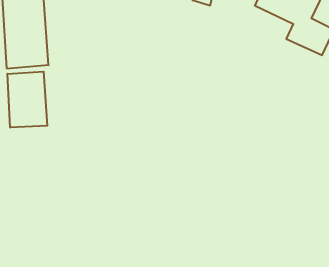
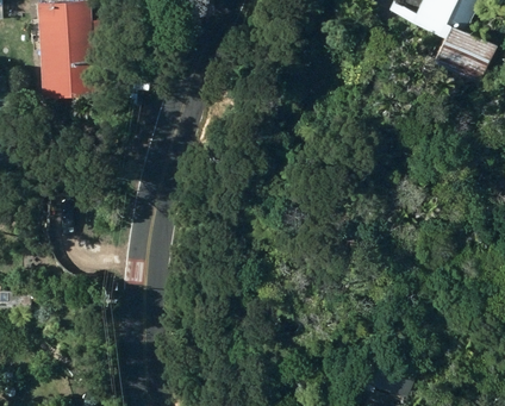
building: [7,72,47,128] -> none

